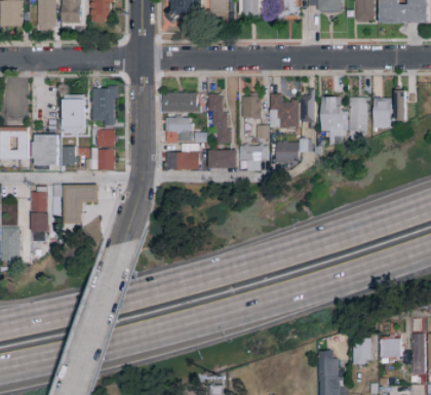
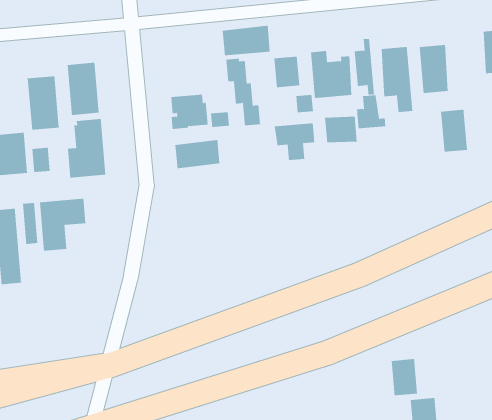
building: [163,92,197,112] -> [222,25,271,56]
building: [374,98,391,128] -> [440,109,468,152]
building: [208,150,236,169] -> none
building: [353,339,370,364] -> [391,359,418,396]

